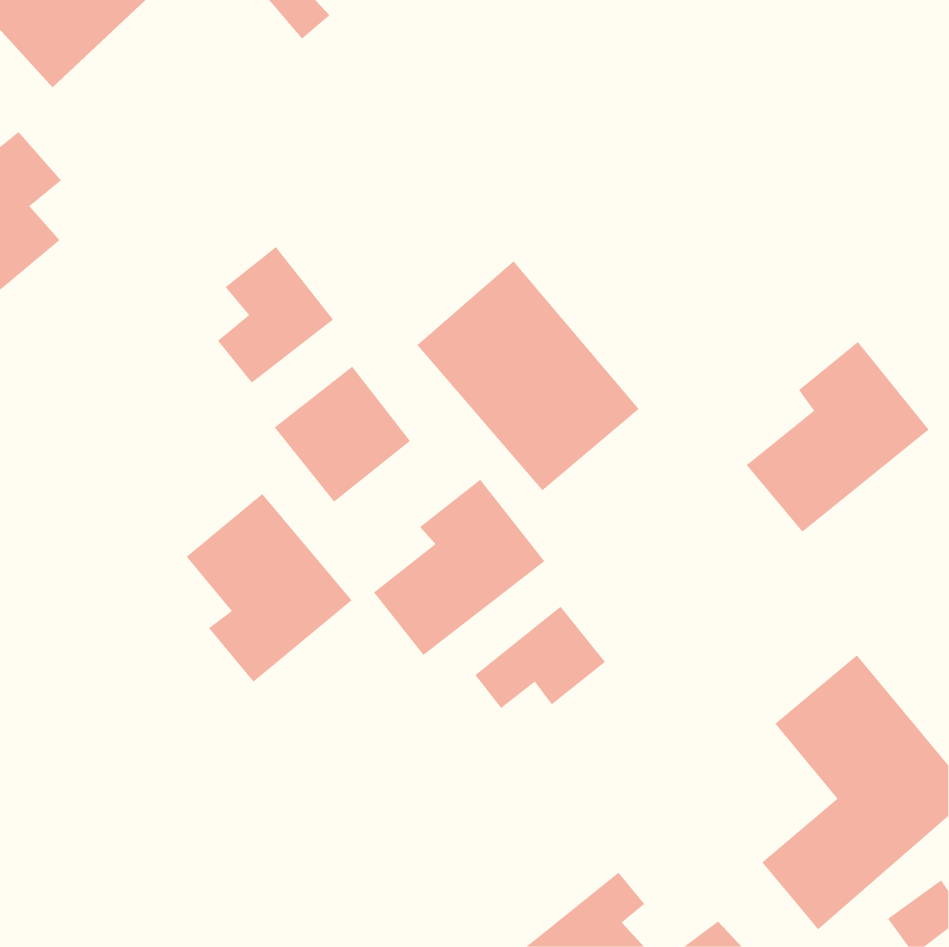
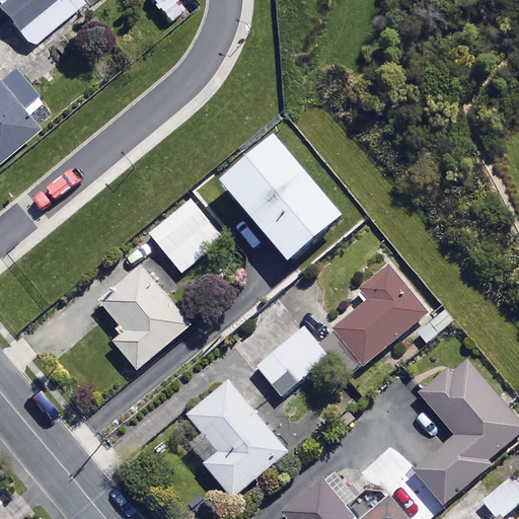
building: [217,246,334,384] -> none
building: [746,341,930,533] -> [335,261,434,364]
building: [373,479,545,656] -> none
building: none -> [188,380,287,497]

